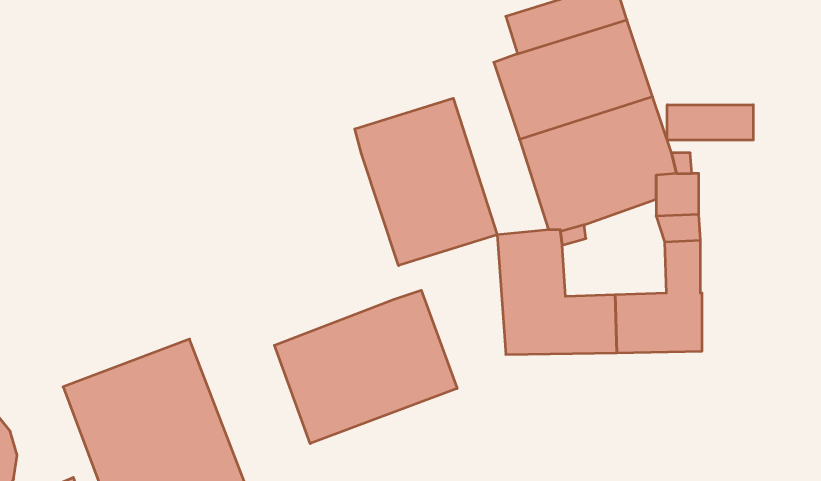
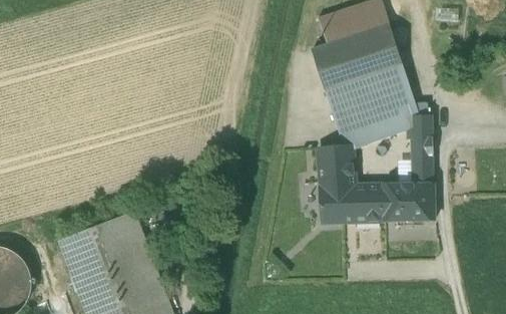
building: [355,98,497,266] -> none
building: [667,105,753,140] -> none
building: [274,290,457,444] -> none

